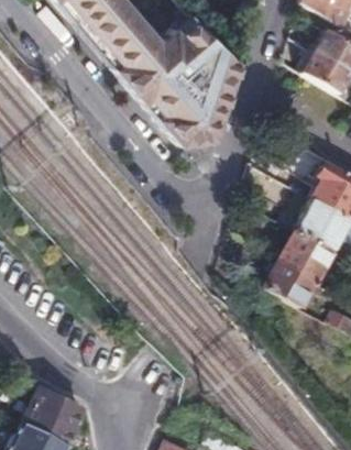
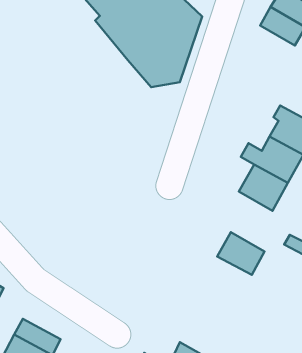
building: [261,259,315,307] -> [217,232,264,275]
building: [30,385,80,427] -> none

